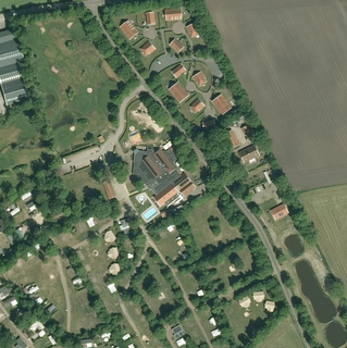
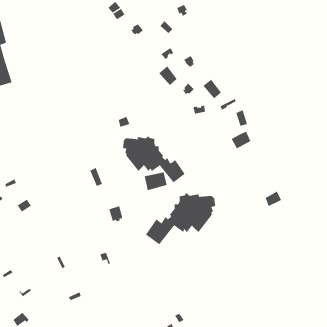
building: none -> [145,192,216,245]

